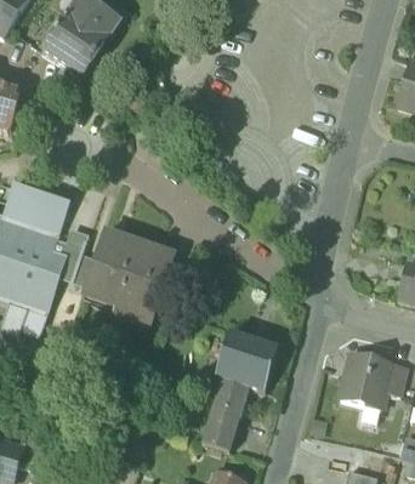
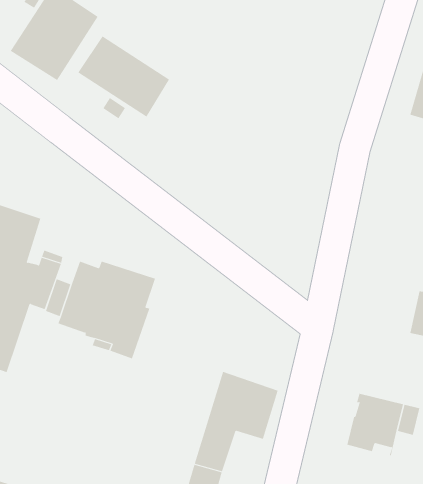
building: none -> [77,35,170,118]

